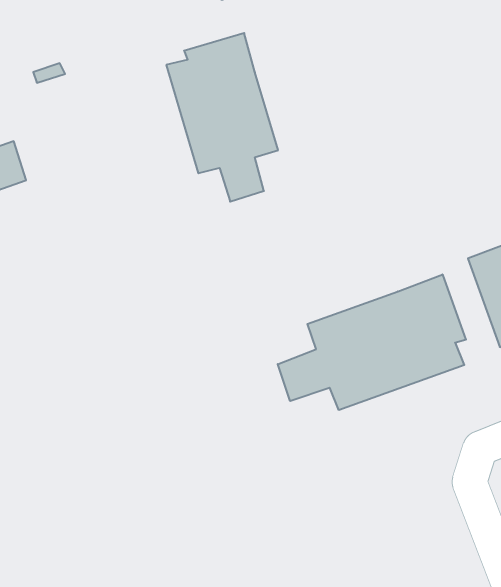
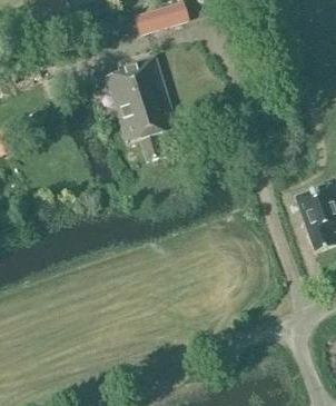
building: [278,274,466,410] -> none

